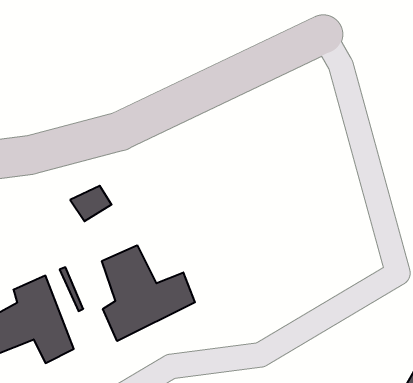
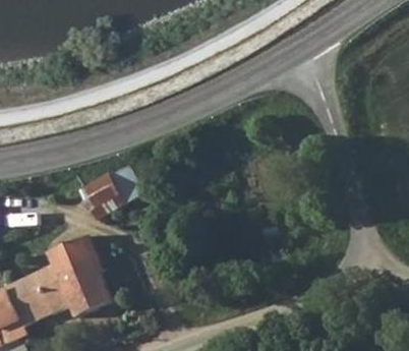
building: [102,245,195,341] -> none

